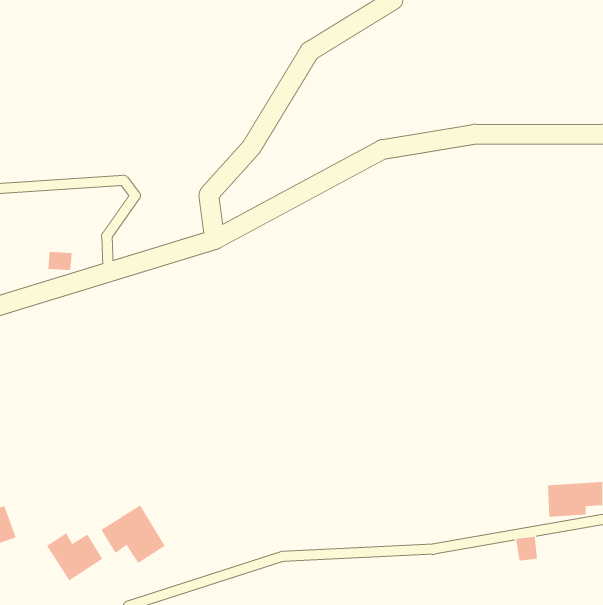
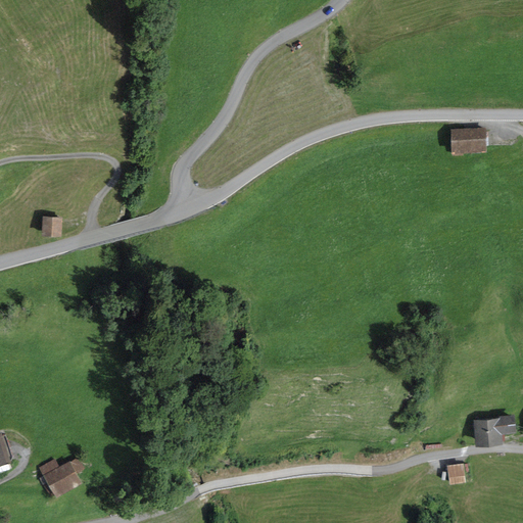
building: none -> [448,128,483,151]
building: [101,505,166,564] -> none

